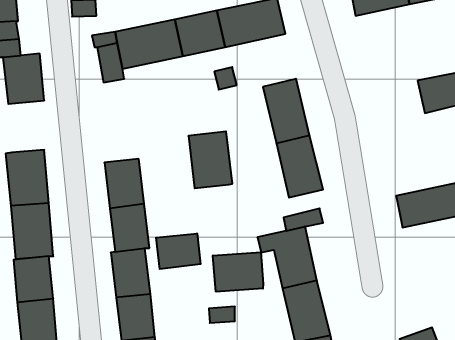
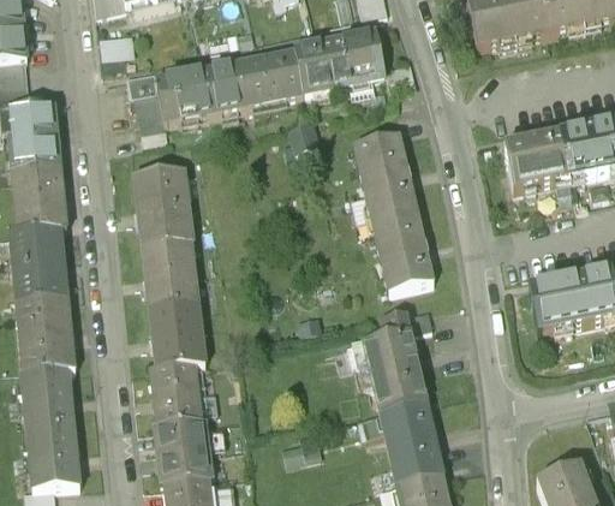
building: none -> [504,135,569,189]
building: none -> [13,161,67,231]
building: [188,131,232,188] -> [133,168,192,244]
building: [156,233,201,269] -> none
building: [213,252,263,292] -> none

